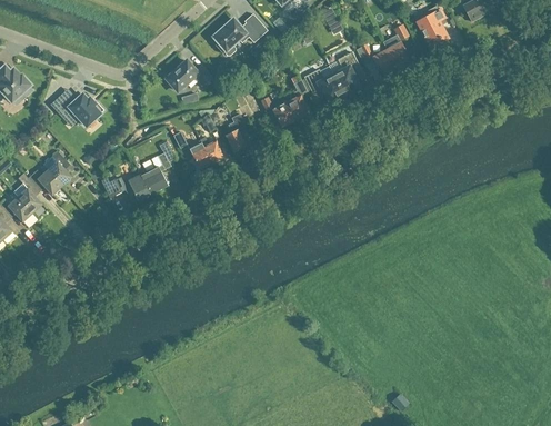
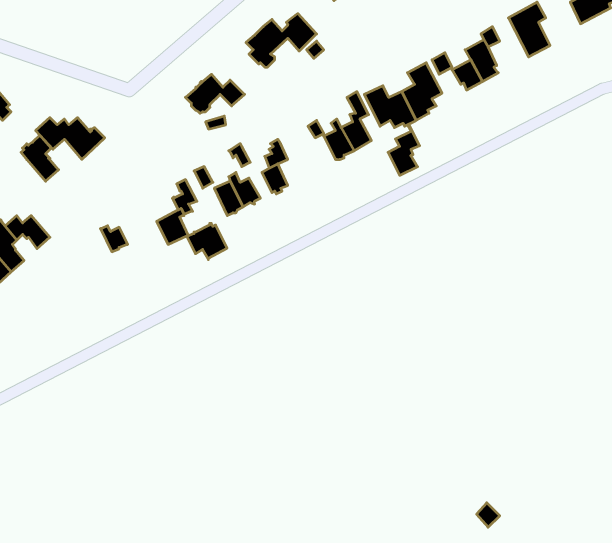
building: none -> [388,124,420,175]
building: [42,150,71,186] -> [21,135,59,181]
building: [121,172,152,200] -> [187,223,227,260]

